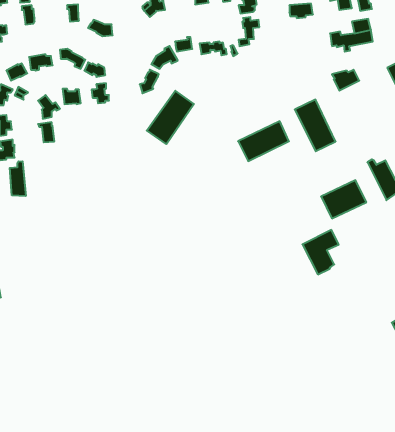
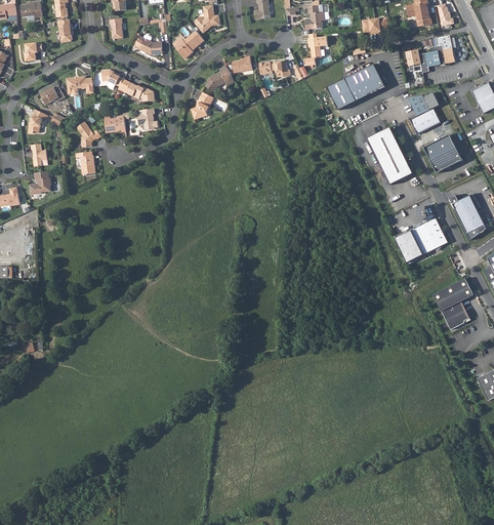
building: none -> [174,30,204,58]
building: none -> [410,108,441,133]
building: [147,91,194,144] -> none
building: none -> [424,133,462,172]
building: [238,121,289,161] -> [328,64,385,109]
building: [10,161,26,196] -> none
building: [302,230,339,274] -> [433,278,474,328]

